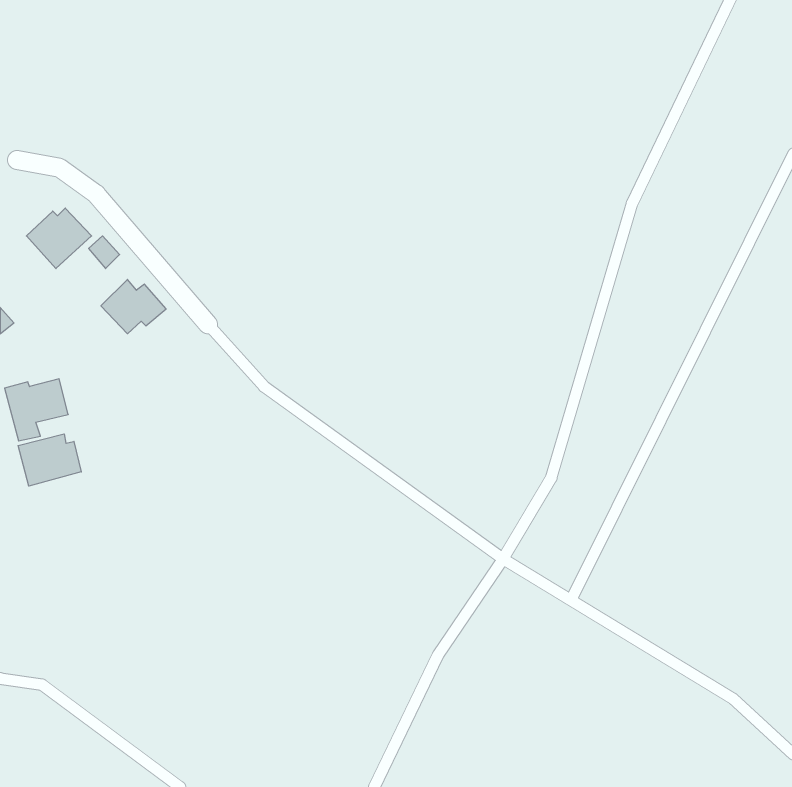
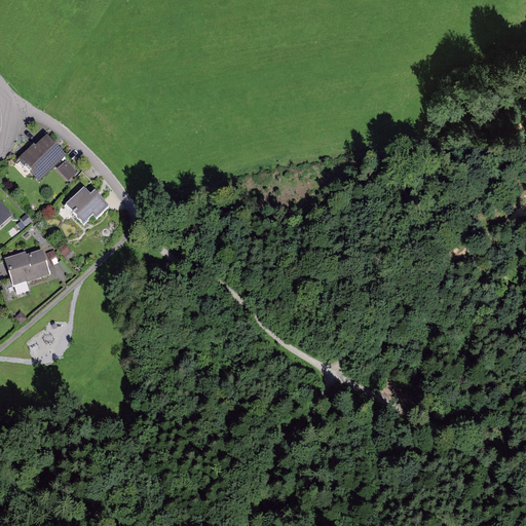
building: [18,434,81,486] -> none

